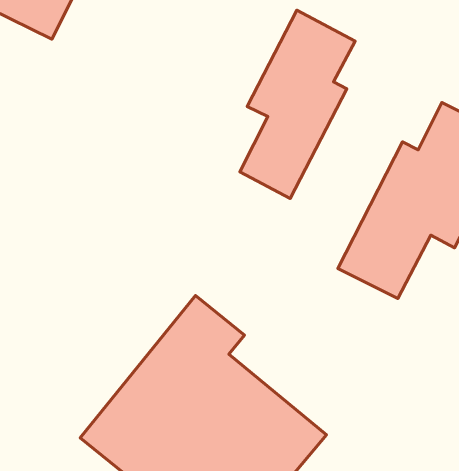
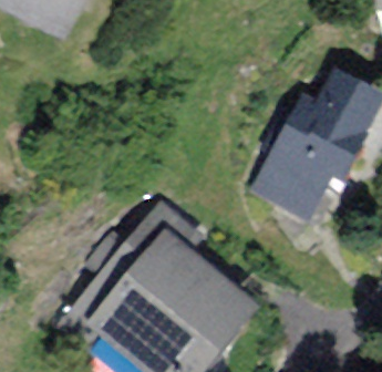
building: [240,10,355,199] -> none

